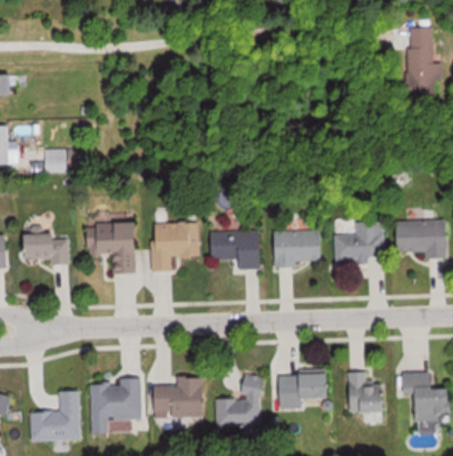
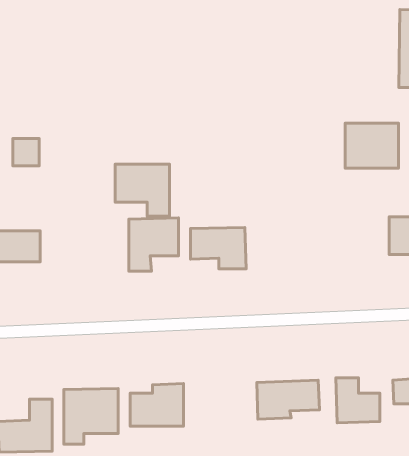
building: [333,221,383,264] -> [345,123,399,168]
building: [87,224,138,272] -> [115,164,170,216]
building: [272,230,322,266] -> none
building: [211,374,260,428] -> none

